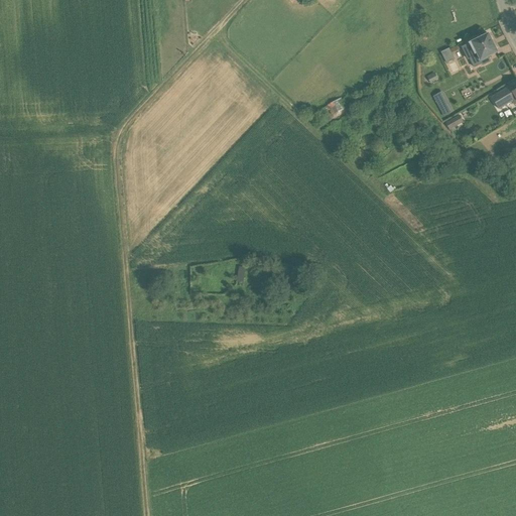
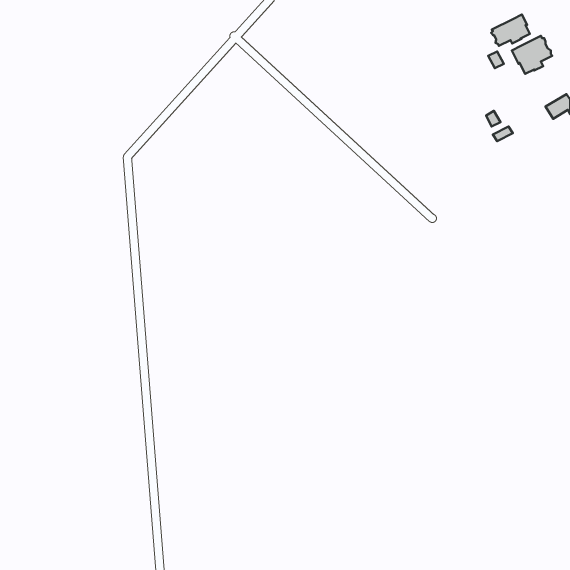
building: none -> [491,14,530,46]

